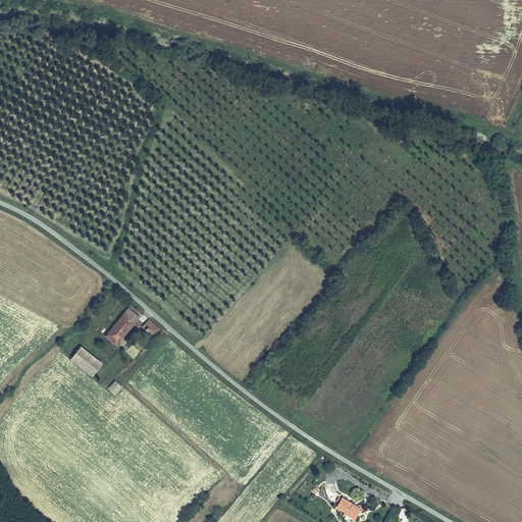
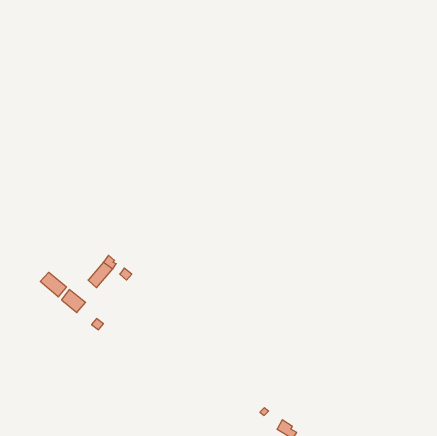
building: none -> [40,272,66,297]

